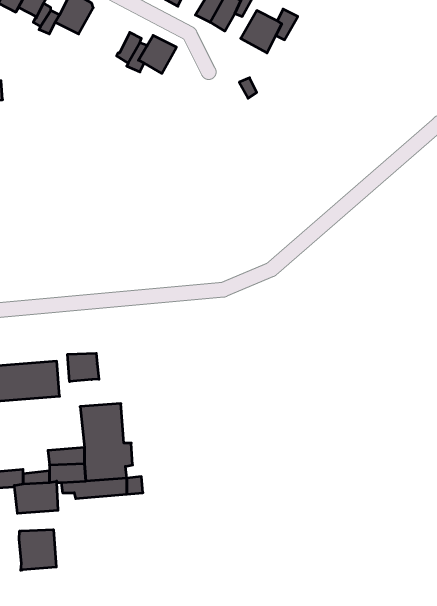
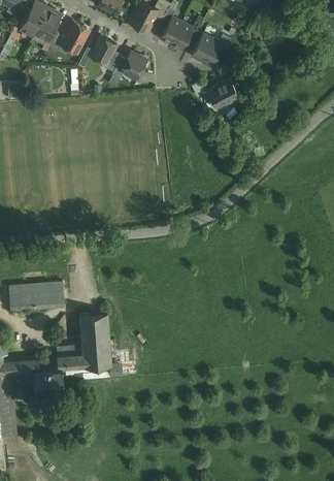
building: none -> [90,36,116,64]
building: none -> [206,77,238,106]
building: [68,353,99,382] -> none
building: [19,530,56,570] -> none

